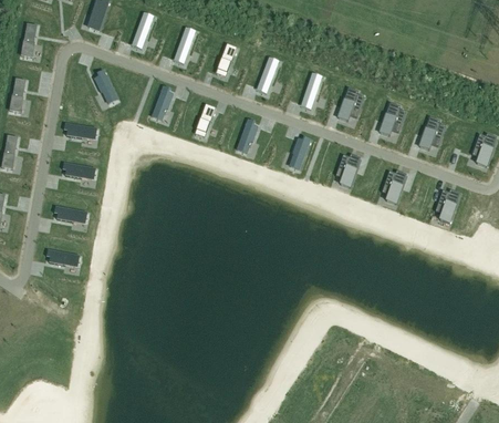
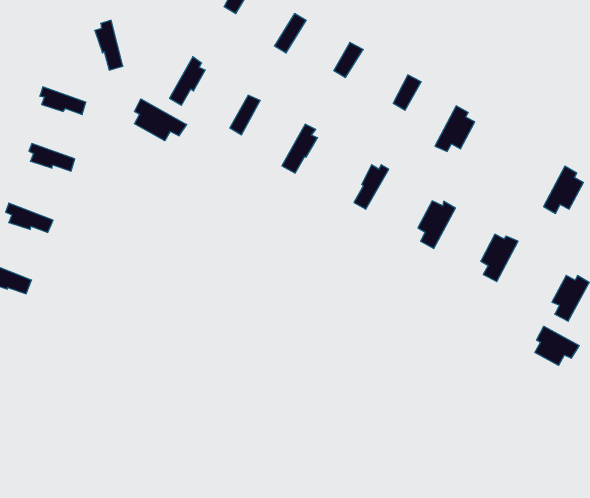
building: [380,103,405,136] -> none
building: none -> [134,99,187,141]
building: none -> [535,326,579,365]

